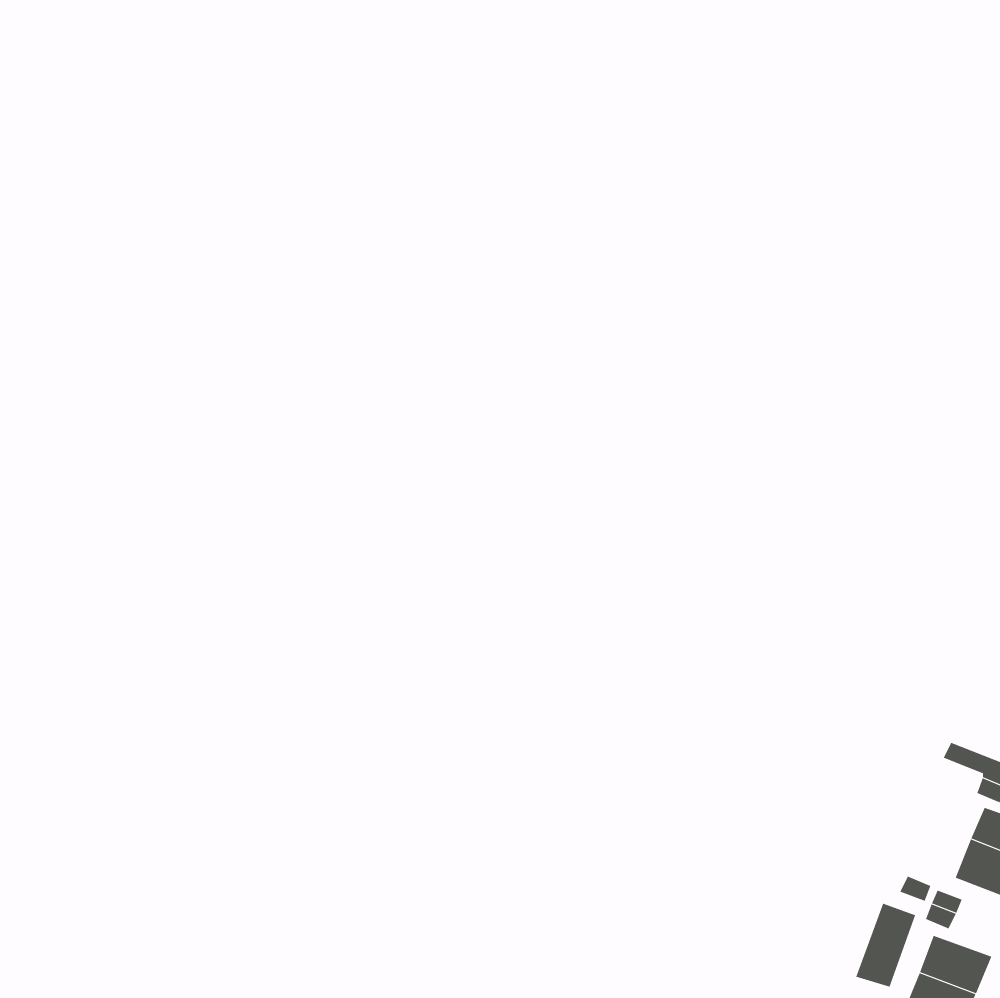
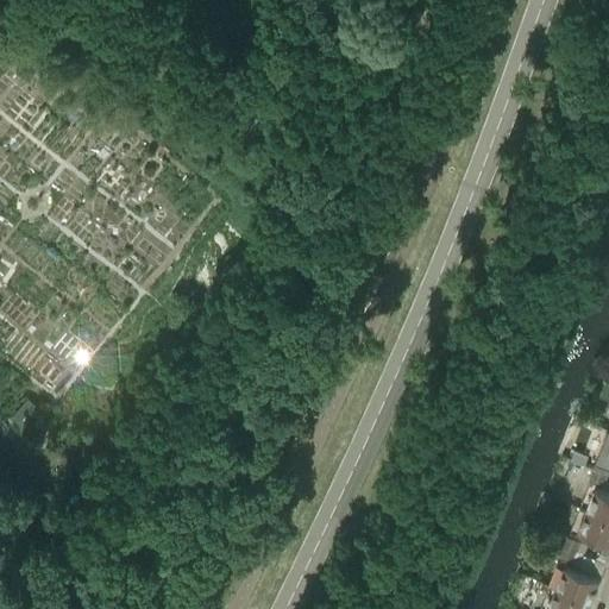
building: [855,903,916,987] -> none

